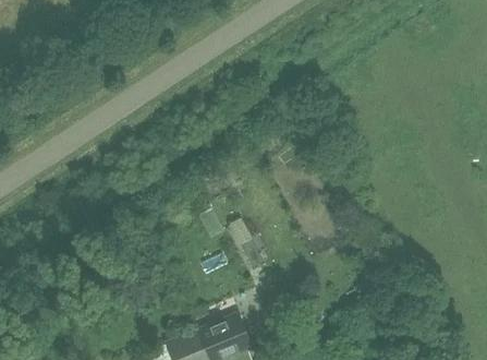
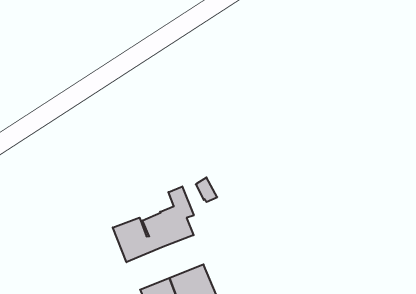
building: none -> [113,186,194,262]

